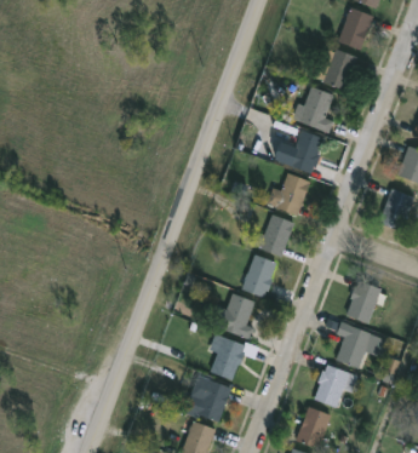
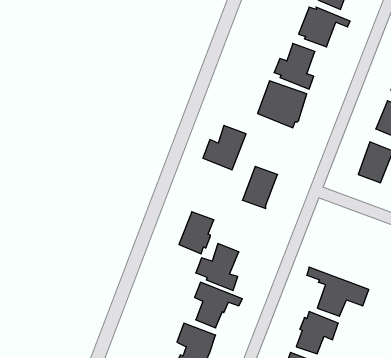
building: [265,172,310,218] -> [203,125,246,170]
building: [240,254,276,298] -> [179,212,214,254]
building: [345,281,382,326] -> none

